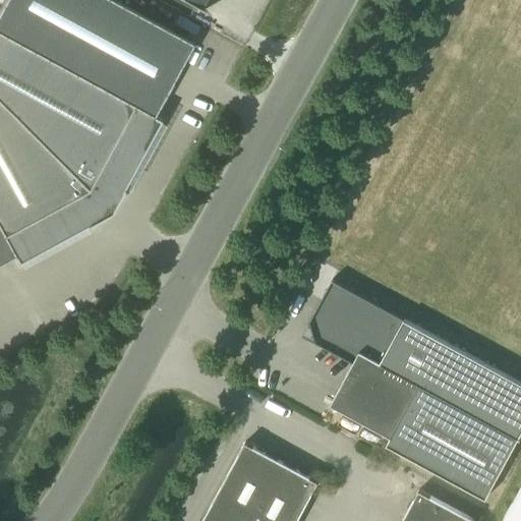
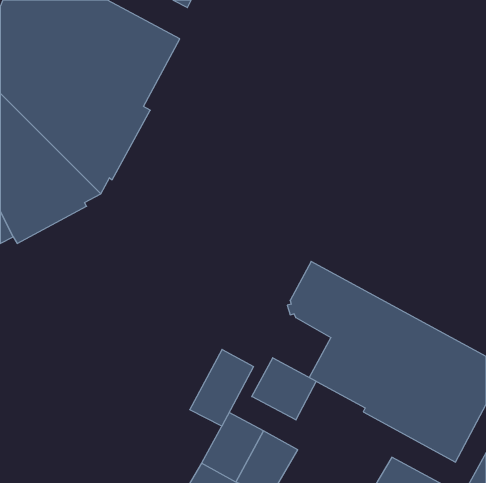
building: none -> [190,349,253,426]
building: none -> [252,358,316,420]

